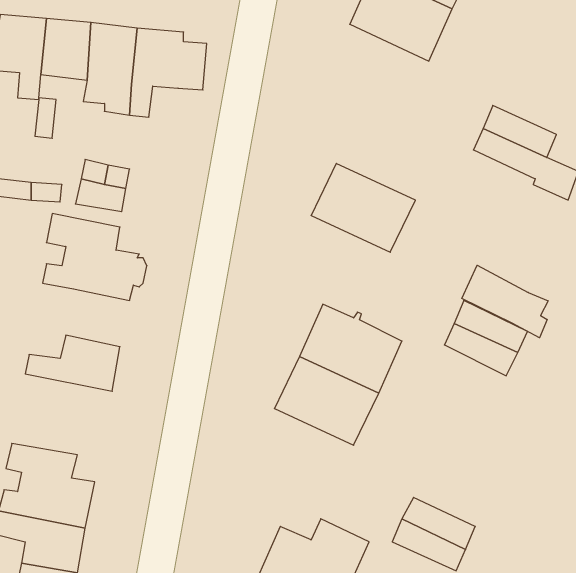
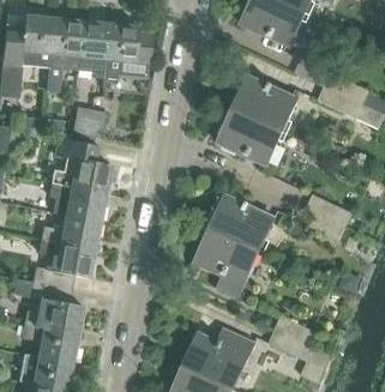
building: none -> [234,76,299,131]
building: [462,265,548,338] -> none
building: none -> [48,182,109,222]
building: none -> [32,239,95,289]

